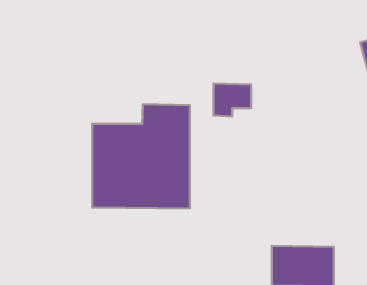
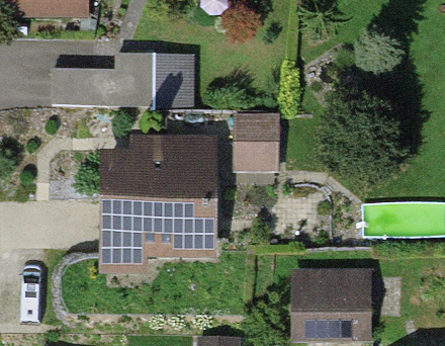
building: none -> [53,55,153,103]

